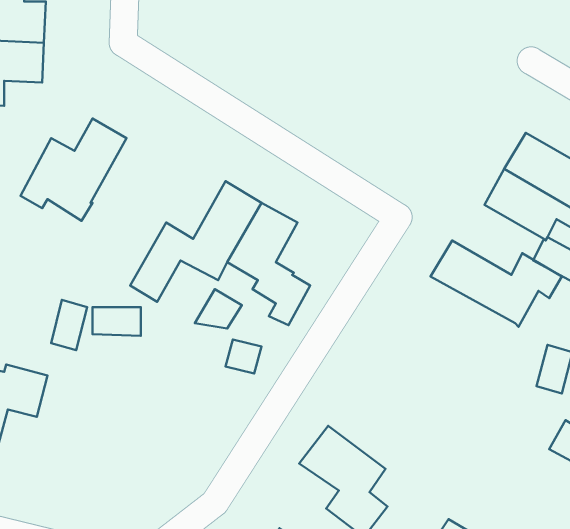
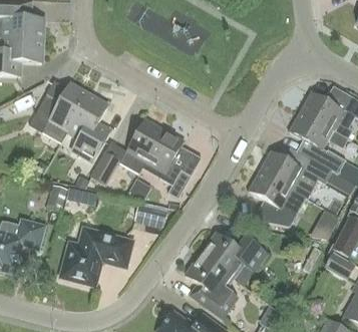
building: none -> [68,93,110,161]
building: none -> [247,171,305,226]
building: none -> [59,227,134,287]
building: none -> [201,233,267,278]

